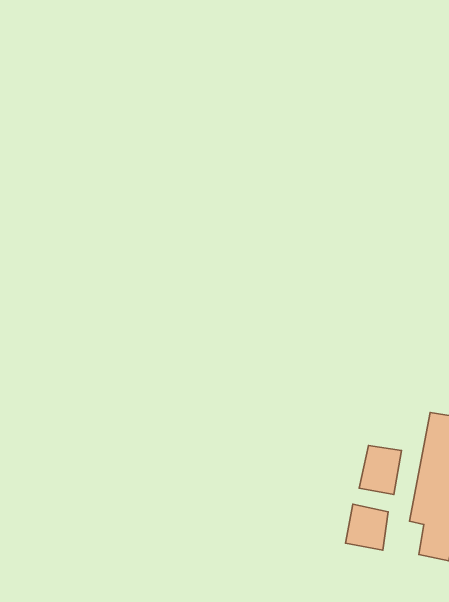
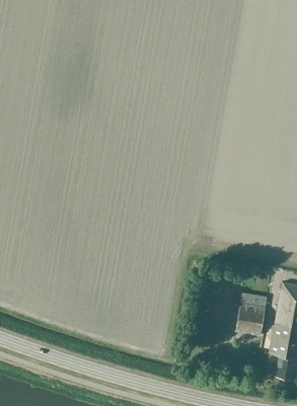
building: [345,504,388,550] -> none

